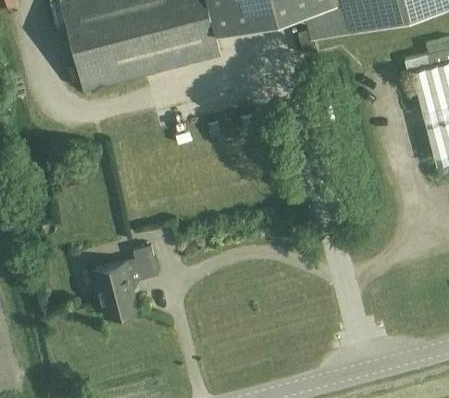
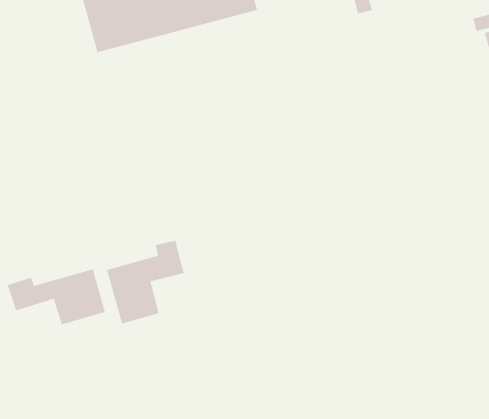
building: none -> [7,268,106,325]

